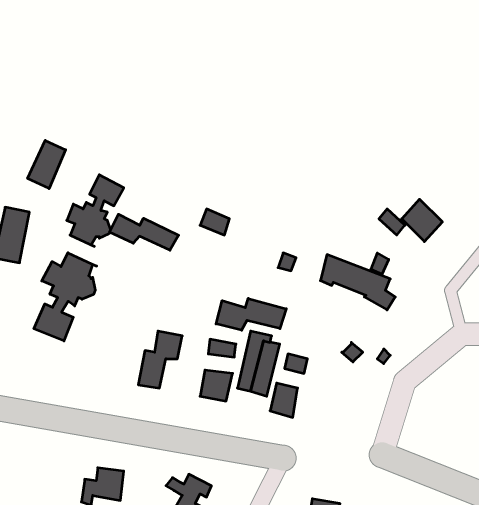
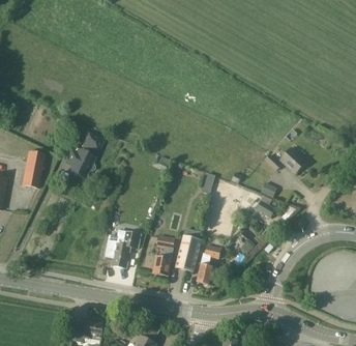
building: [28,140,66,189] -> none
building: [110,214,179,250] -> none
building: [34,253,97,341] -> none
building: [216,298,286,330] -> none

